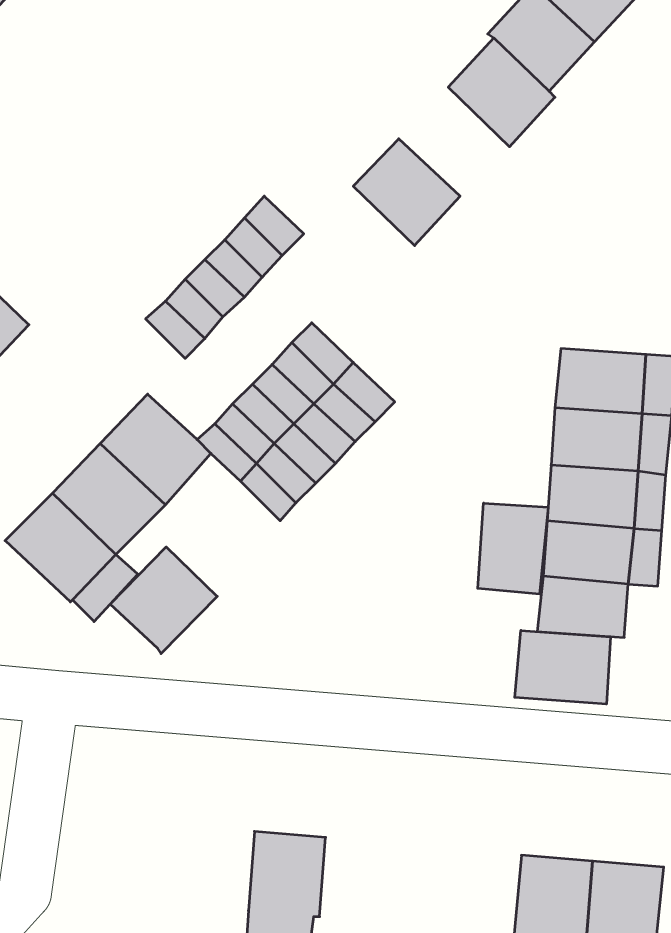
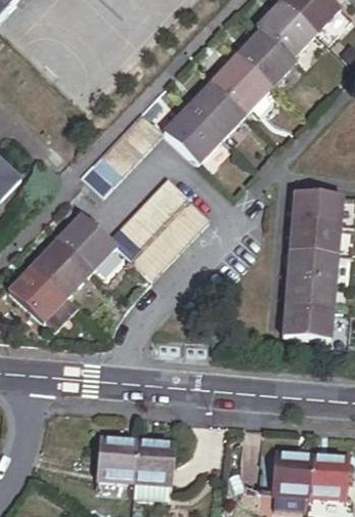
building: none -> [212,54,269,111]
building: none -> [164,105,220,162]
building: [478,503,548,594] -> none
building: [110,547,217,654] -> none
building: [515,630,610,704] -> none
building: none -> [96,436,137,480]

